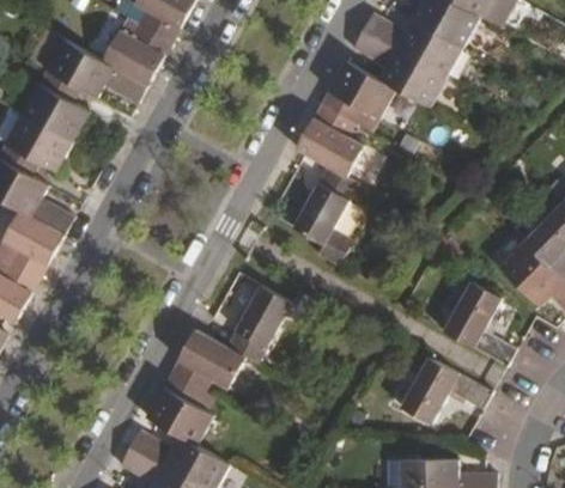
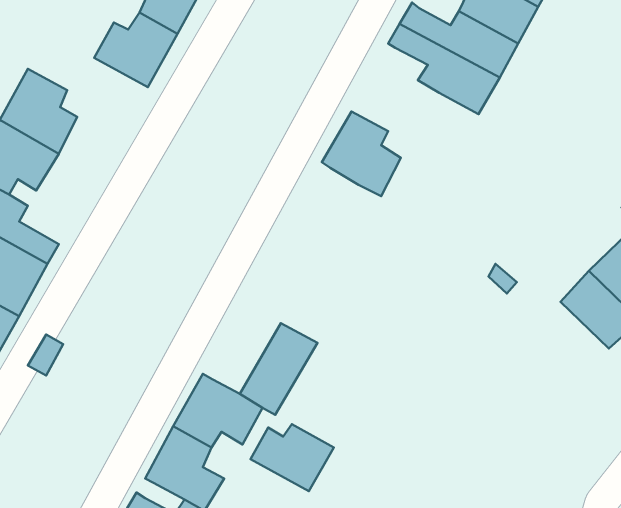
building: [47,38,148,104] -> none
building: [321,61,395,122] -> none
building: [292,167,357,245] -> none
building: [443,281,516,366] -> none
building: [400,356,491,423] -> none
building: none -> [250,424,334,491]

